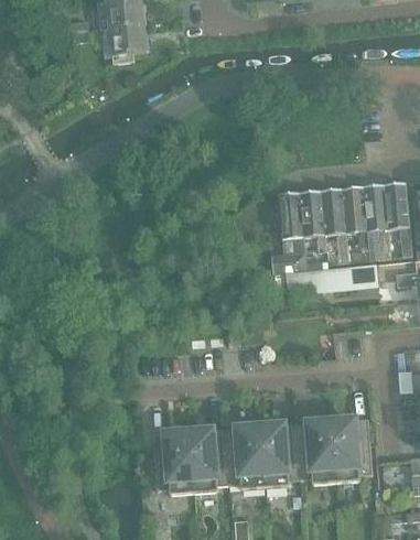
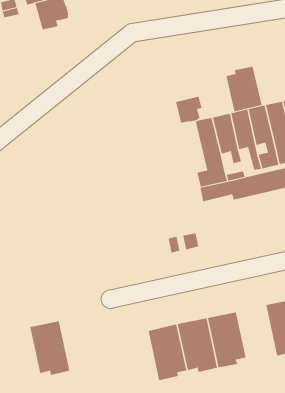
building: none -> [226,66,262,112]
building: none -> [176,96,202,123]
building: [294,419,334,482] -> none
building: [151,430,192,493] -> [29,321,70,376]

